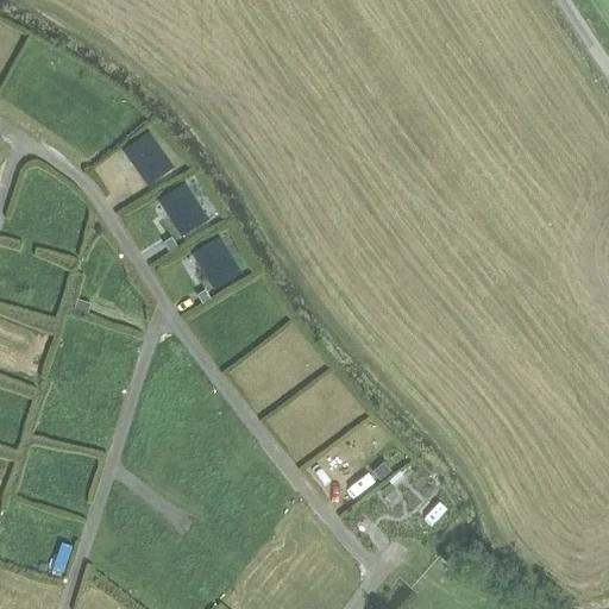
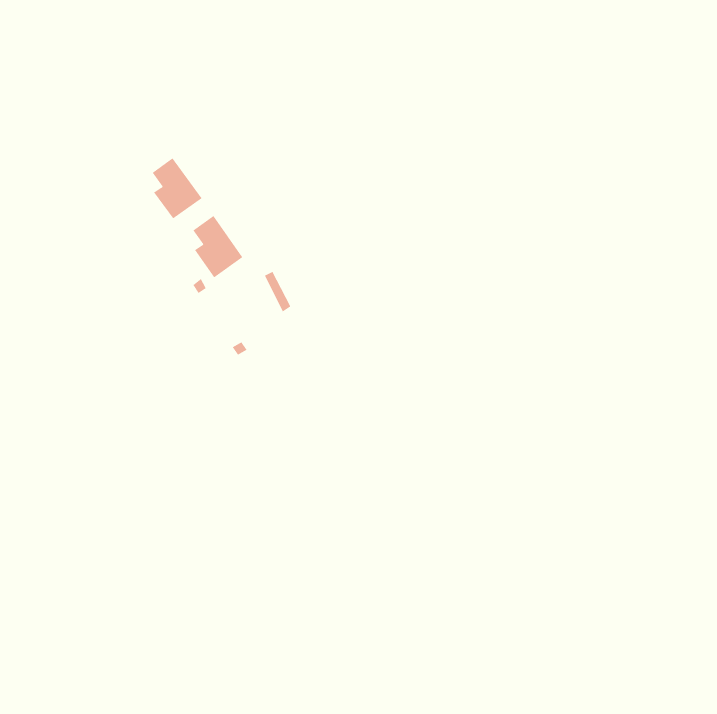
building: [199,234,240,287] -> none

